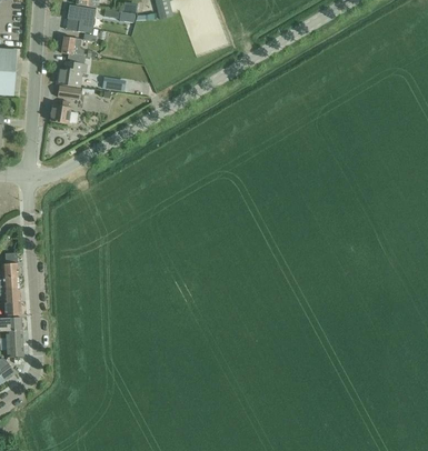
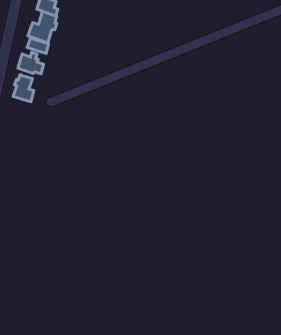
building: none -> [13,75,34,102]

